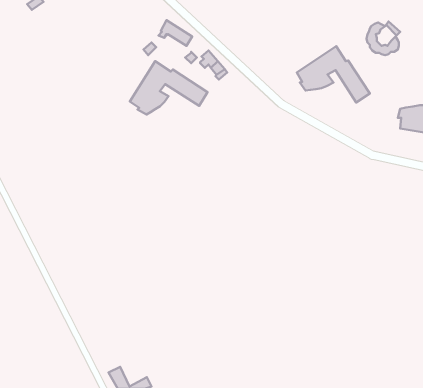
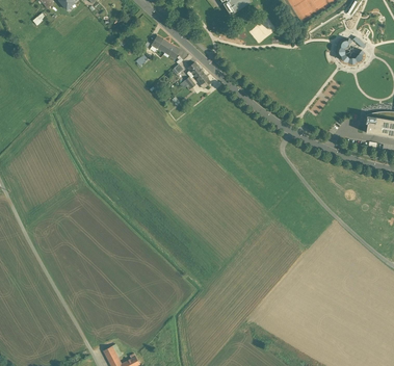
building: [297,46,370,102] -> none
building: [130,61,208,115] -> none

